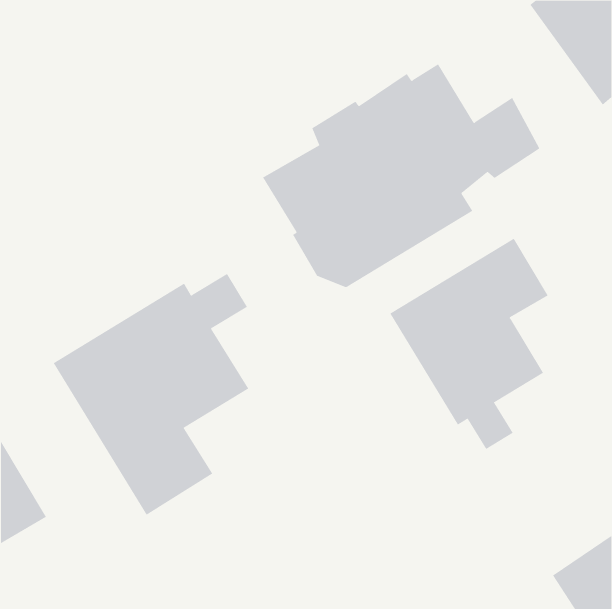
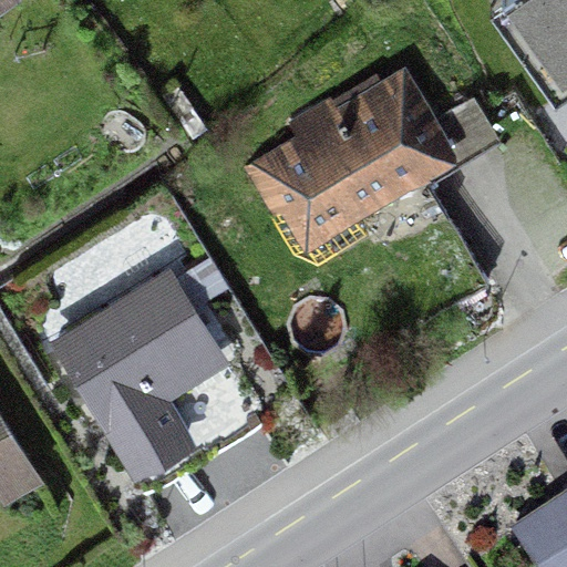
building: [389,238,548,450] -> none

